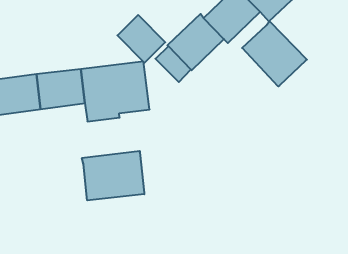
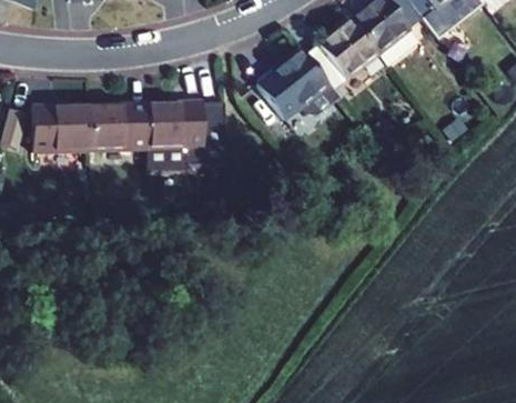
building: [117,15,165,63] -> none
building: [242,21,307,86] -> none
building: [82,151,144,200] -> none

